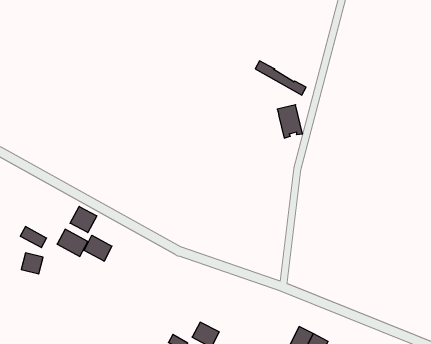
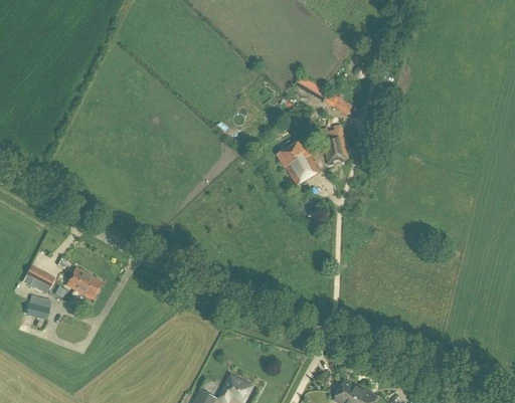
building: none -> [277,140,319,185]
building: [70,206,97,233] -> none
building: [84,235,112,261] -> none

